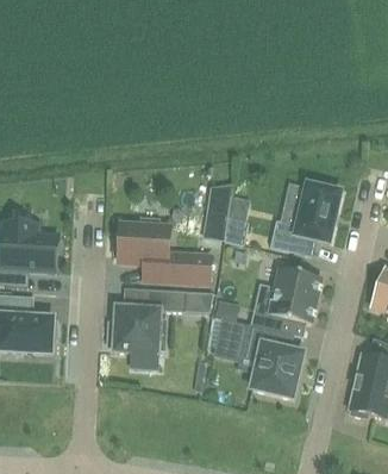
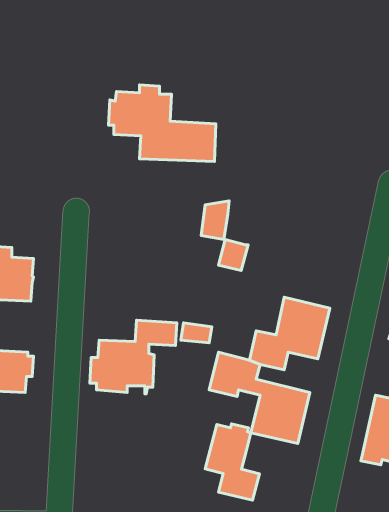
building: [270,182,340,252] -> none
building: [114,218,209,286] -> [109,85,216,161]
building: none -> [205,424,260,500]

